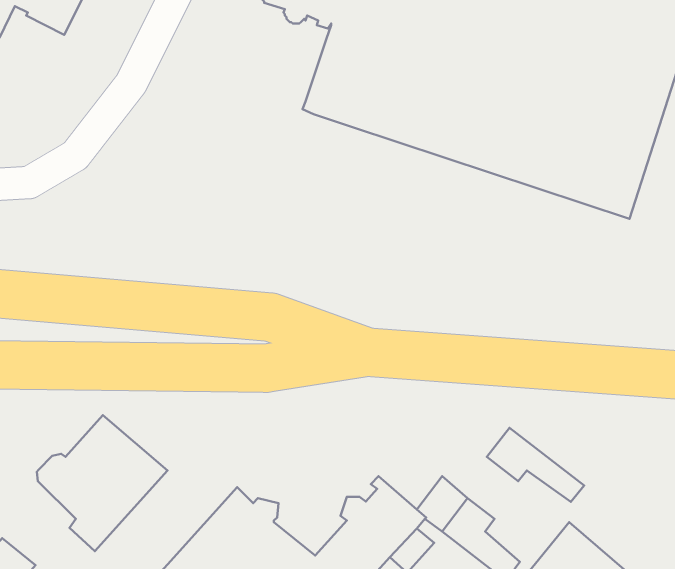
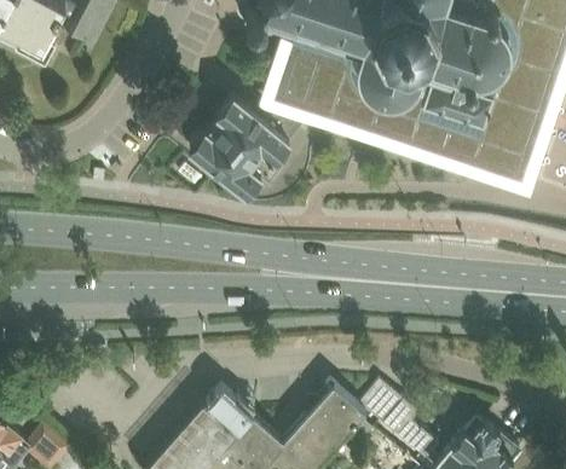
building: none -> [187,94,308,193]
building: [37,415,168,551] -> none
building: [487,428,584,502] -> none

